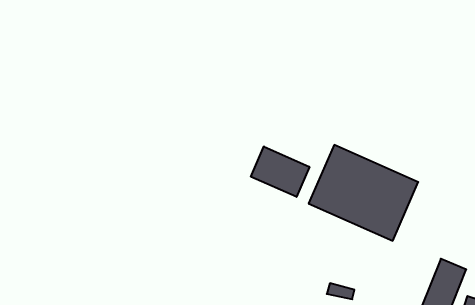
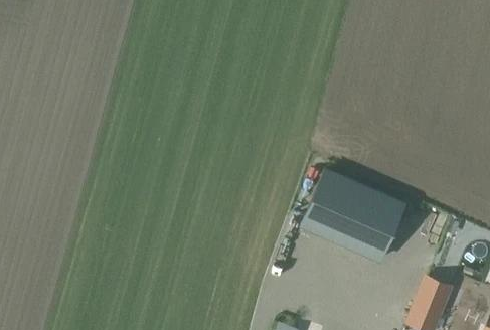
building: [251,146,309,197] -> none

